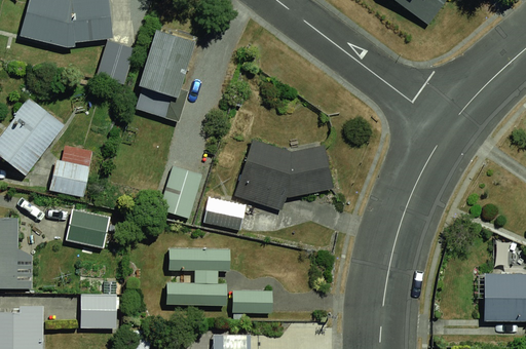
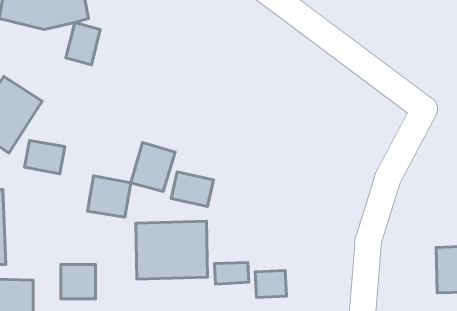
building: [122,25,197,120] -> none
building: [232,140,325,209] -> none
building: [59,205,104,248] -> [87,176,131,217]
building: none -> [255,270,287,298]

